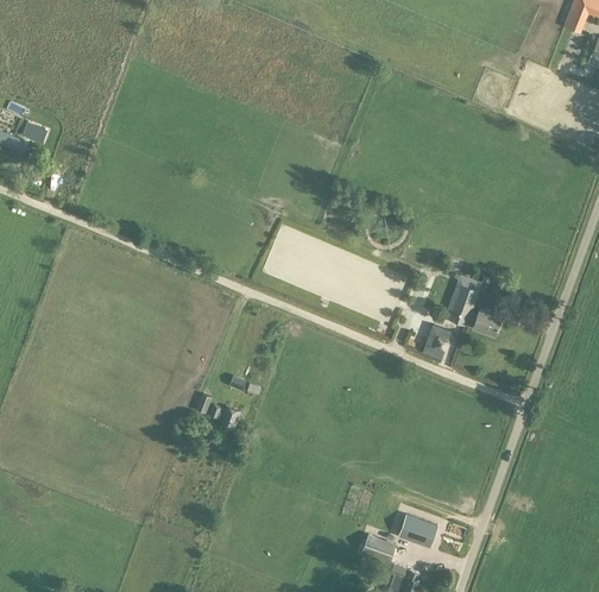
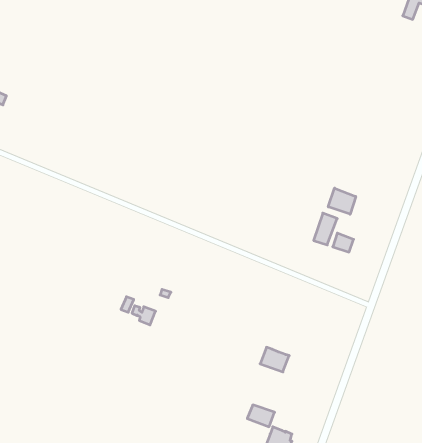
building: none -> [328,188,356,214]
building: [421,325,449,358] -> none
building: [398,514,436,546] -> [260,347,289,372]

